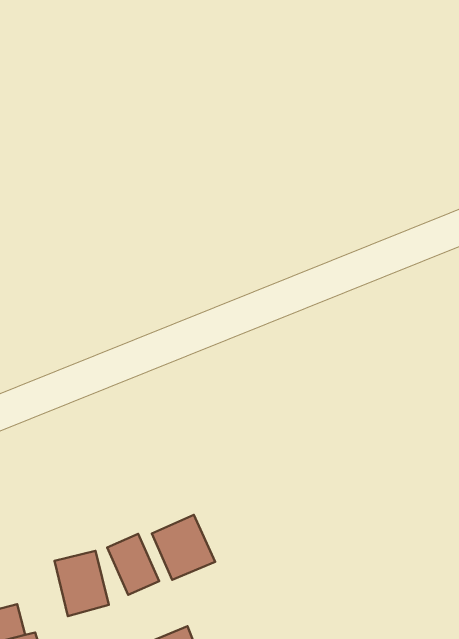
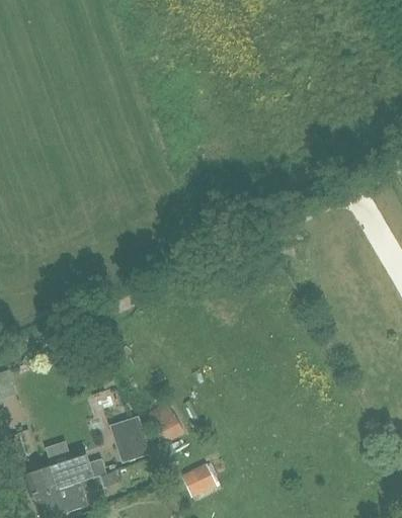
building: [152,515,215,580] -> none

